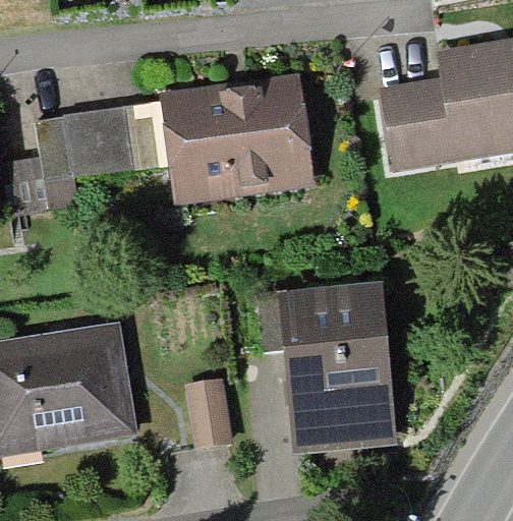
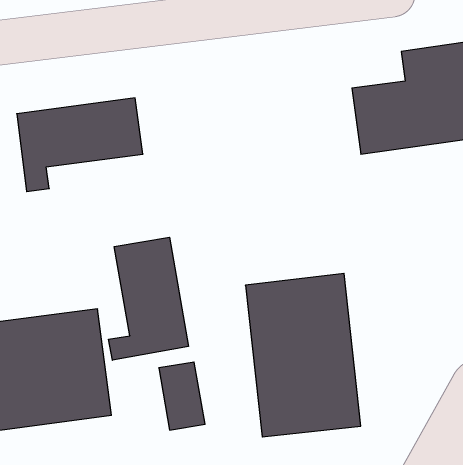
building: [161,79,312,201] -> none
building: none -> [109,237,188,360]

